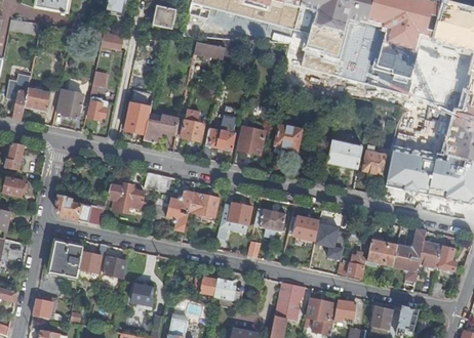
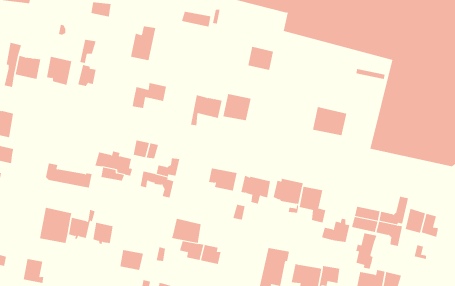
building: [125,97,152,133] -> [130,26,156,61]
building: [181,110,204,141] -> none
building: [275,125,302,150] -> [248,46,274,70]
building: [362,150,387,174] -> none
building: [188,193,219,218] -> [171,218,201,243]
building: none -> [356,233,377,270]

